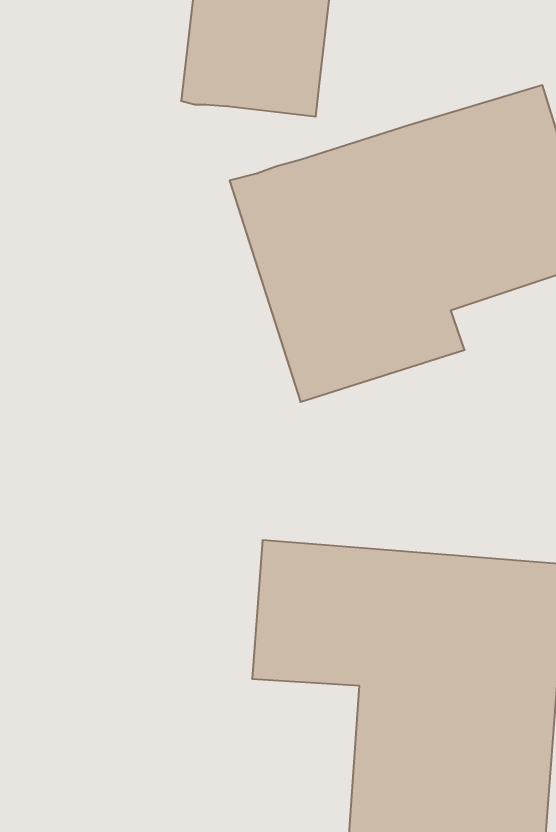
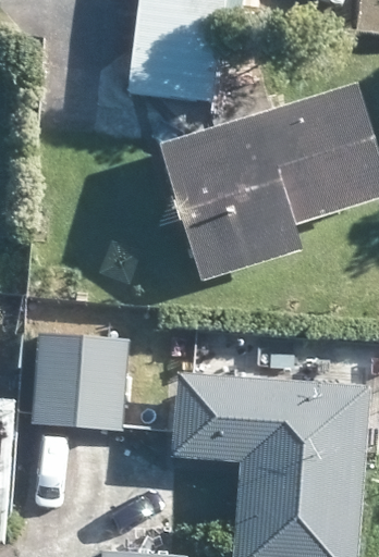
building: none -> [27,332,127,429]

